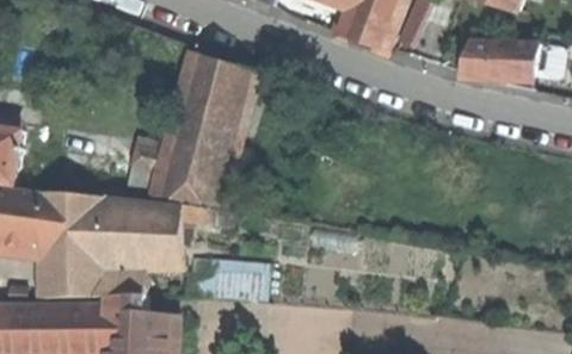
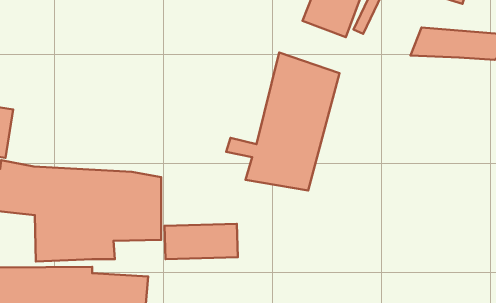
building: [129,52,254,205] -> [226,53,340,191]

